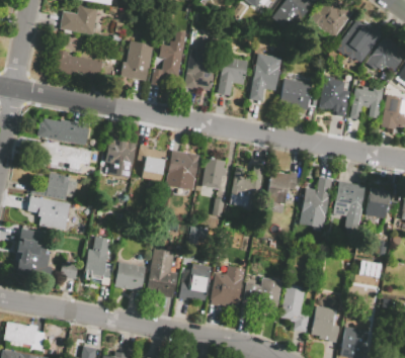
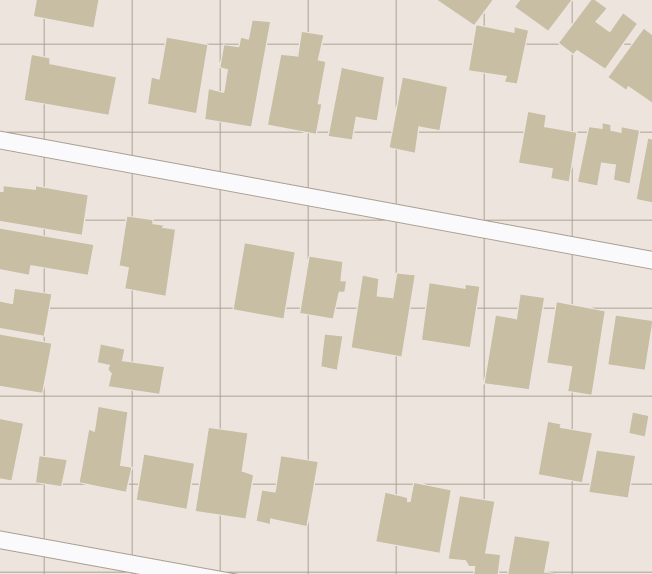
building: [280,78,313,109] -> [468,25,529,84]
building: [137,144,166,181] -> none
building: none -> [97,344,164,395]
building: none -> [538,421,592,483]
building: [211,266,244,307] -> none

